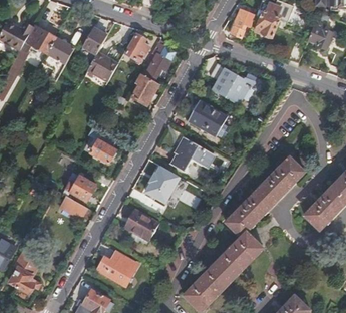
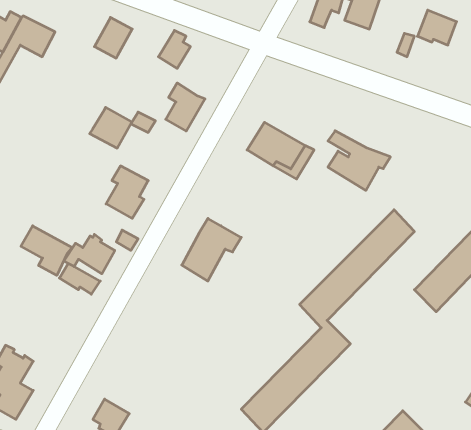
building: [46,37,74,64] -> none
building: [139,52,171,81] -> none
building: [87,53,116,81] -> [90,107,132,148]
building: [213,62,256,103] -> [328,131,390,190]
building: [172,134,214,169] -> none
building: none -> [21,226,72,275]
building: [123,209,158,241] -> none
building: [95,251,135,285] -> none

